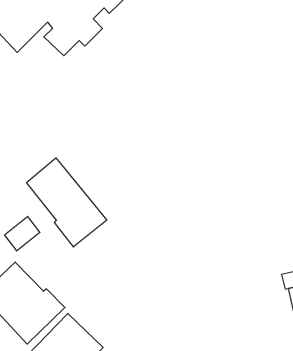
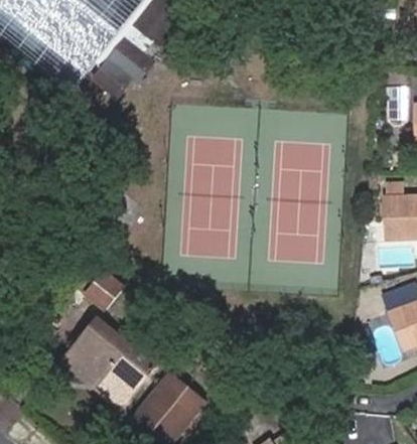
building: [27,158,107,247] -> none

